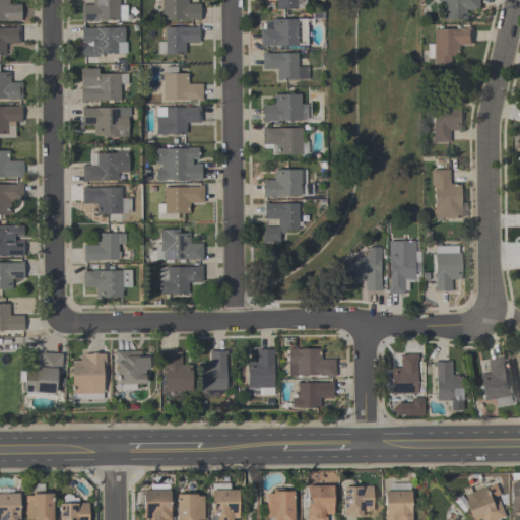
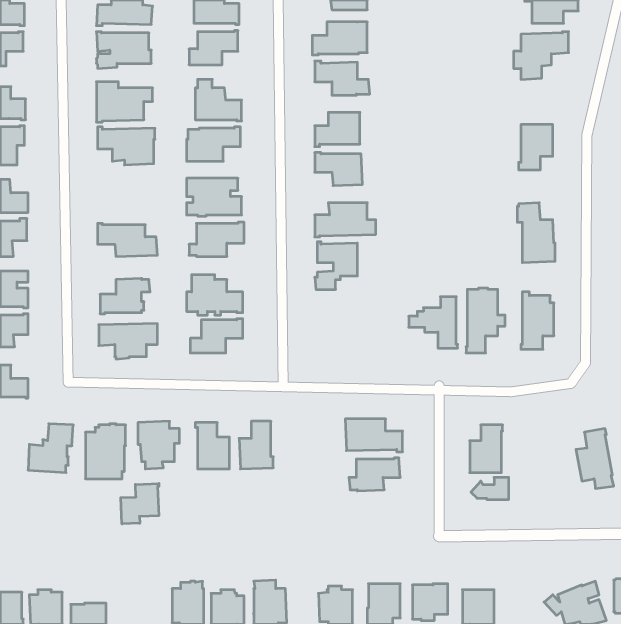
building: [84,151,130,181] -> none
building: [249,348,276,395] -> none
building: [436,361,464,409] -> none
building: none -> [121,483,159,524]

